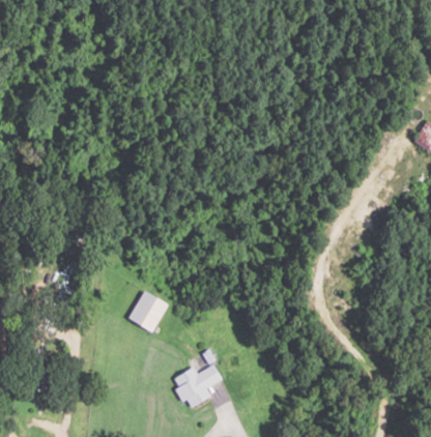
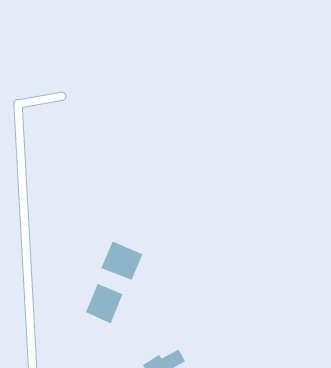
building: none -> [100,241,143,281]

